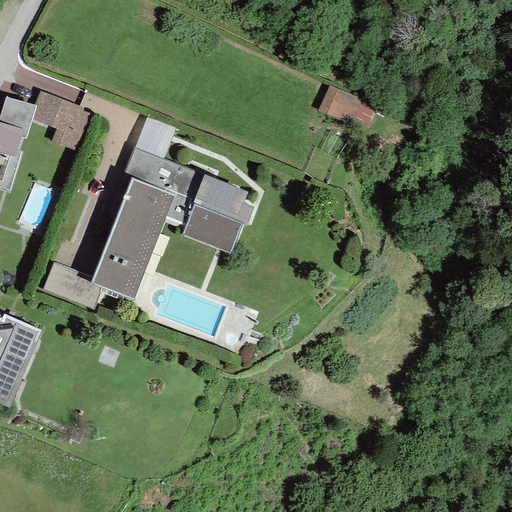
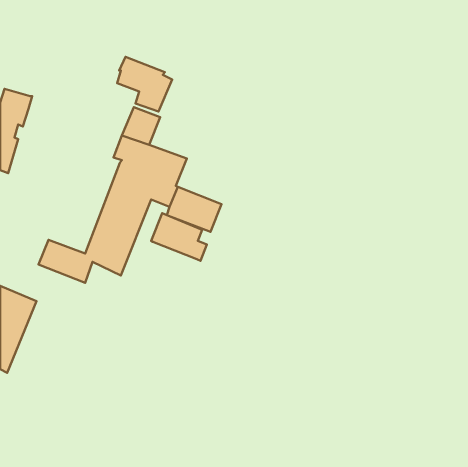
building: [317,84,356,123] -> none
building: [31,90,91,150] -> [117,57,172,112]
building: [192,173,253,225] -> [151,213,207,261]

